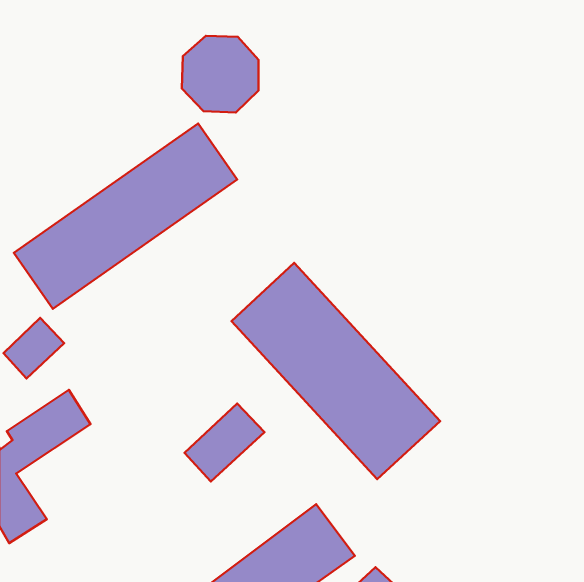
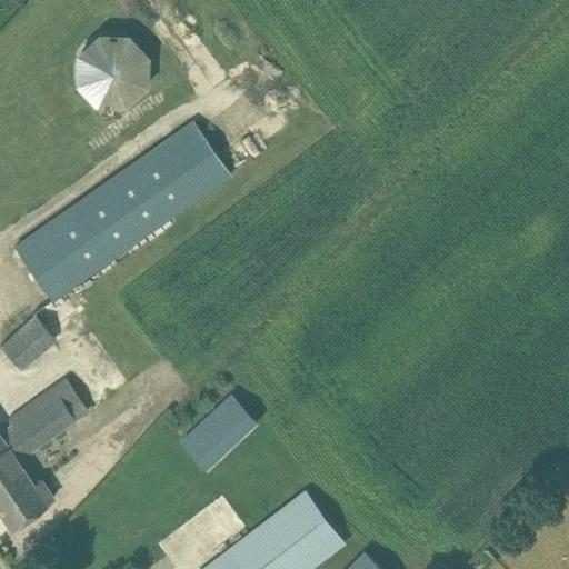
building: [182,36,259,112] -> [73,34,148,109]
building: [231,263,440,479] -> none

